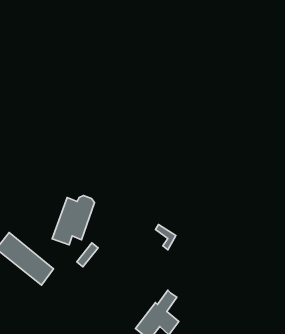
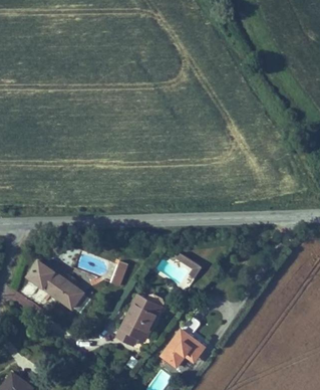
building: [52,195,94,245] -> [117,296,159,345]

